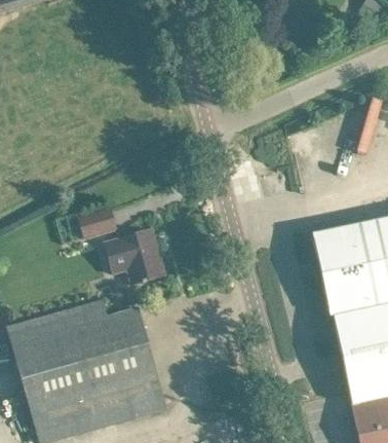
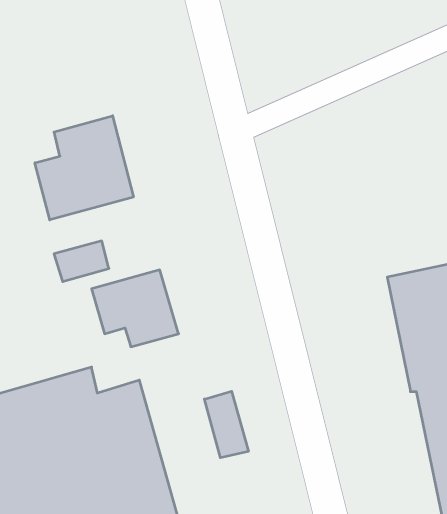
building: none -> [35,116,133,220]
building: none -> [204,391,248,458]

